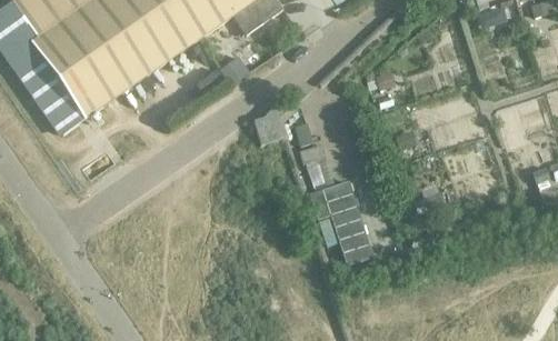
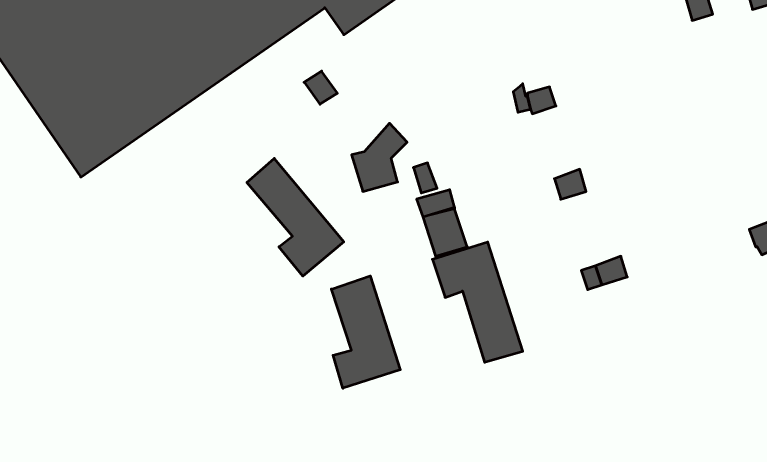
building: none -> [247,158,344,276]
building: none -> [331,276,400,388]

